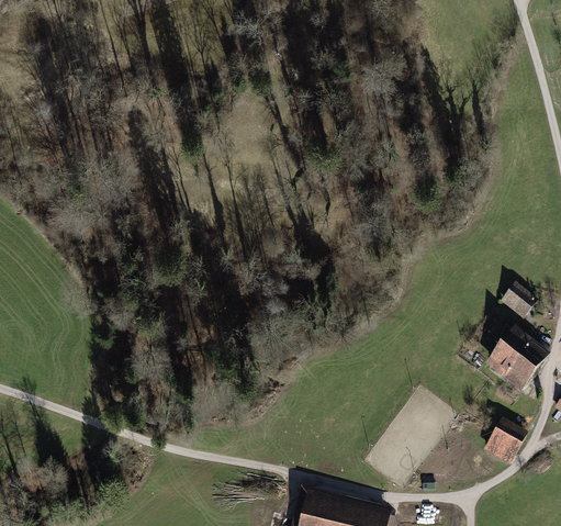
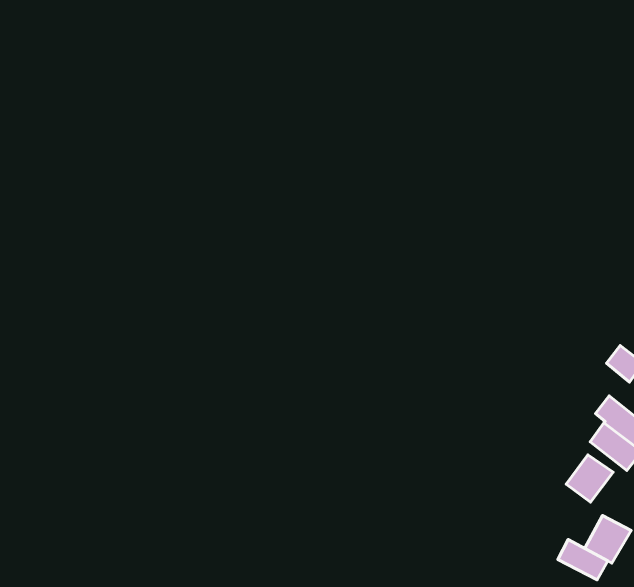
building: none -> [566,455,613,502]
building: none -> [558,539,608,580]

